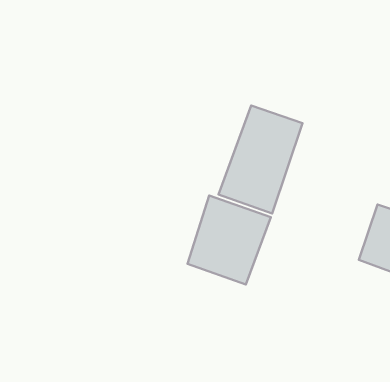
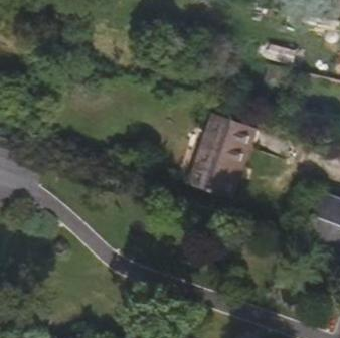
building: [187,196,271,284] -> none

